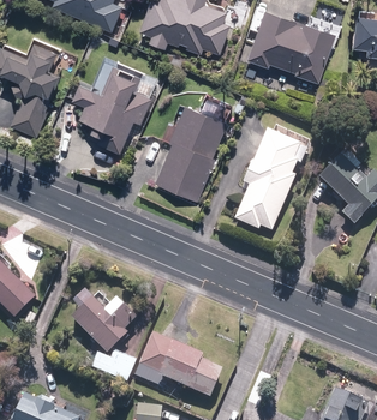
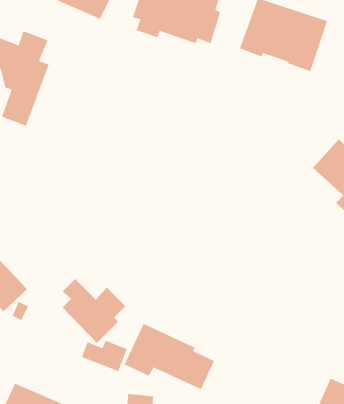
building: [71,70,151,154] -> none
building: [155,106,226,202] -> none
building: [234,130,309,230] -> none

